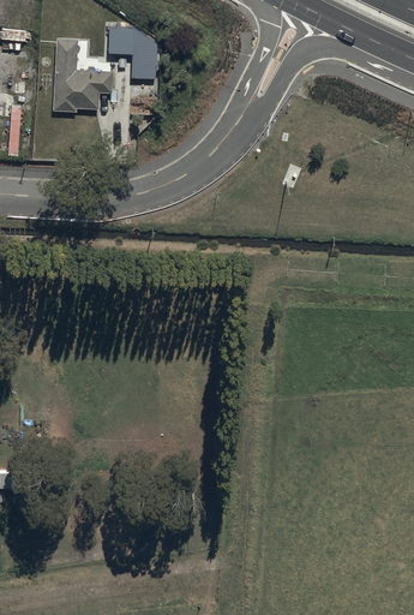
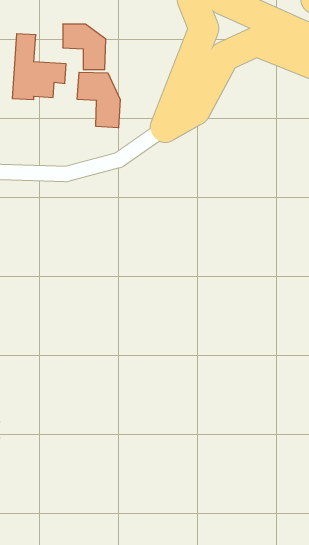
building: none -> [77,72,120,128]

